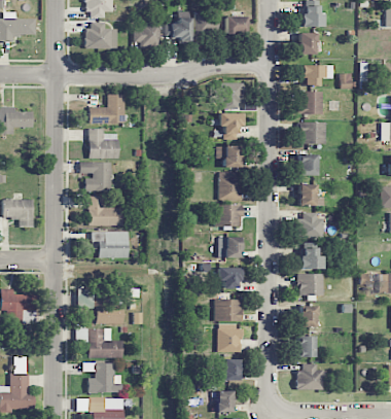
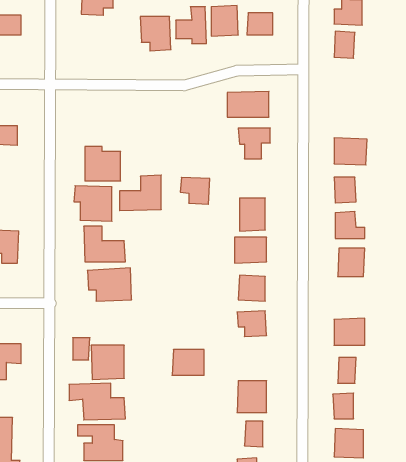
building: [86,22,118,48] -> none
building: [301,65,322,85] -> none
building: [300,91,323,114] -> none
building: [90,94,125,124] -> [120,175,161,211]
building: [216,145,241,168] -> [180,177,210,204]
building: [299,248,321,269] -> none
building: [215,300,242,321] -> [172,350,204,375]

